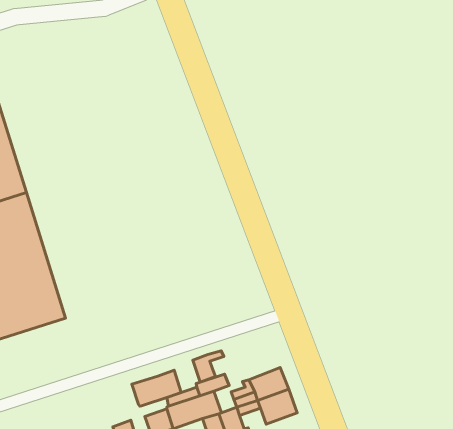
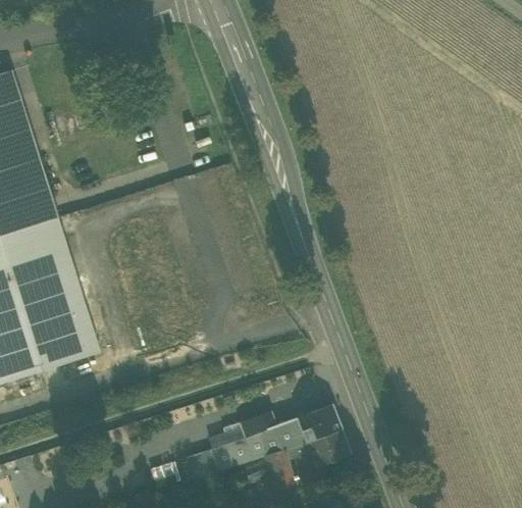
building: [193,351,224,382] -> [258,418,292,452]
building: [132,370,181,406] -> none

